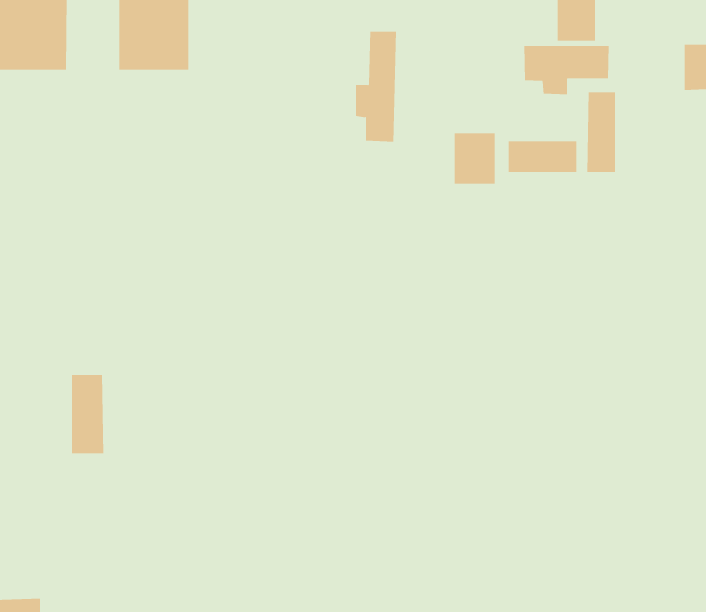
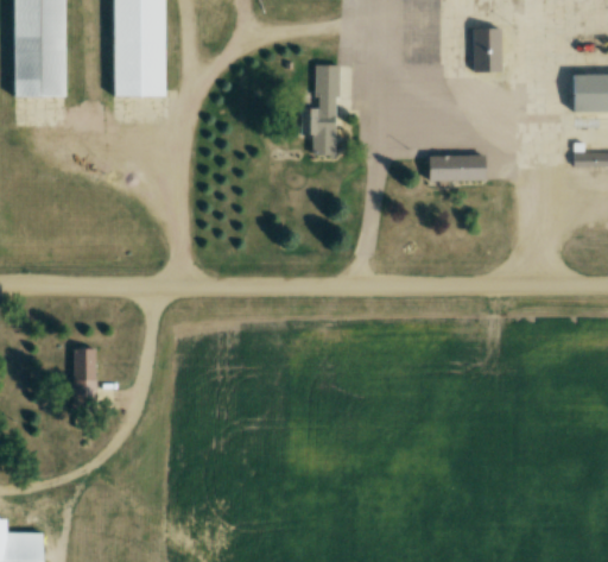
building: [524,45,609,95] -> none
building: [587,91,616,173] -> none
building: [454,133,495,184] -> none

